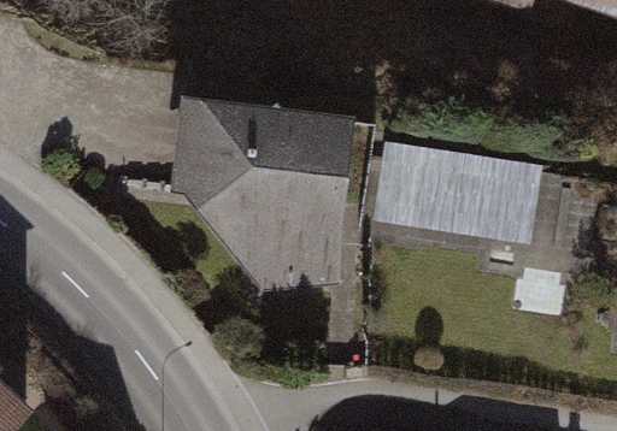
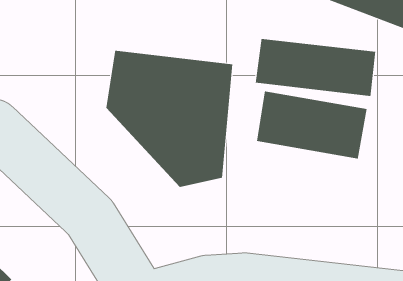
building: none -> [255,38,376,97]

